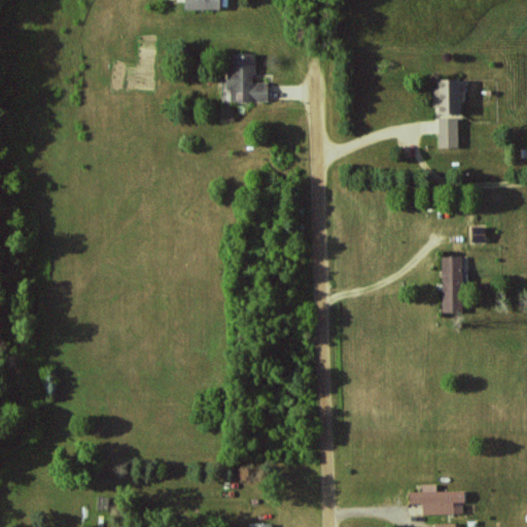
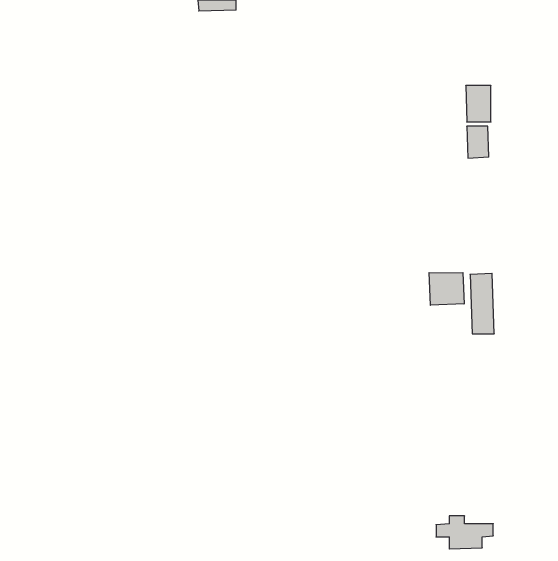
building: [229,54,269,102] -> none
building: none -> [429,273,464,305]

